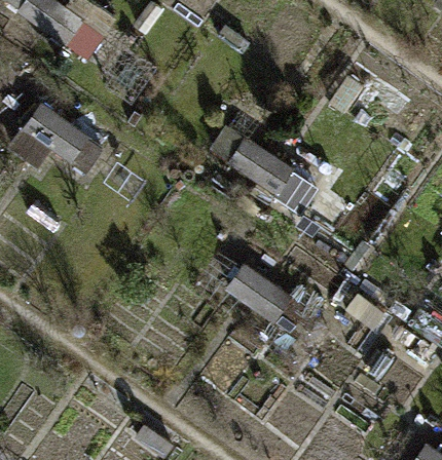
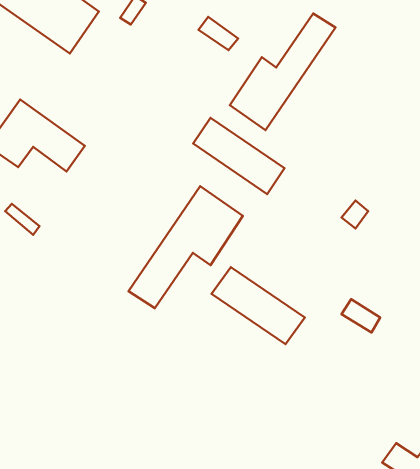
building: none -> [230,14,335,130]
building: none -> [129,186,243,308]

